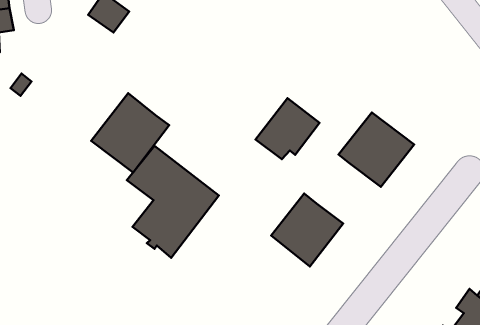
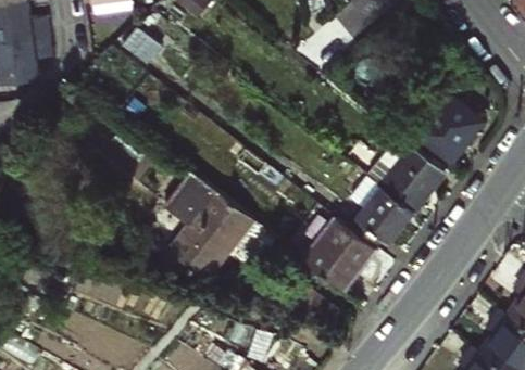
building: none -> [414,95,482,164]
building: [91,93,169,172] -> none
building: [255,98,320,159] -> [349,190,412,250]

